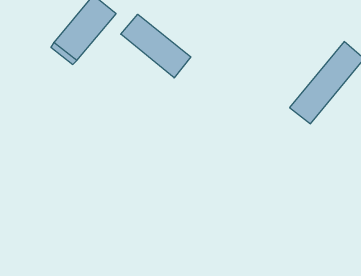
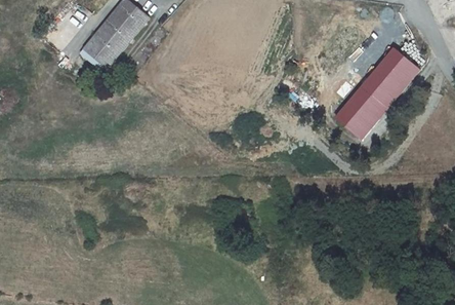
building: [121,14,191,78] -> none

